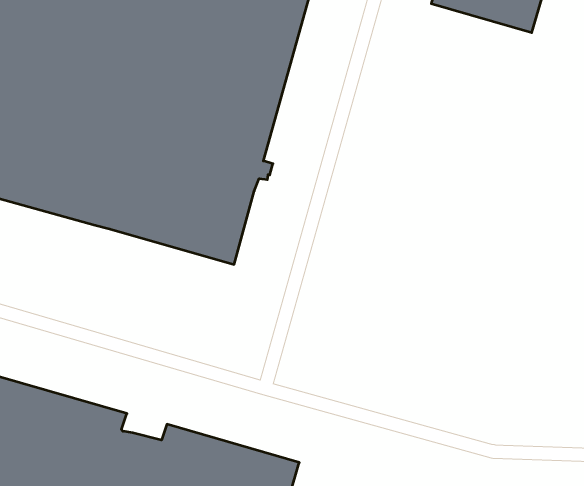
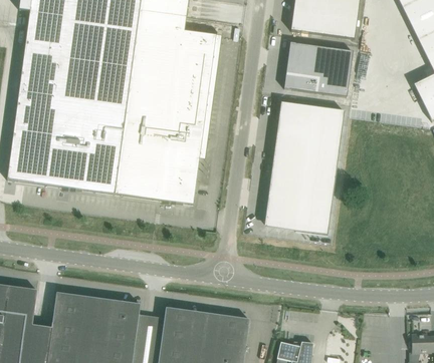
building: none -> [284,43,353,96]
building: none -> [265,101,345,234]

